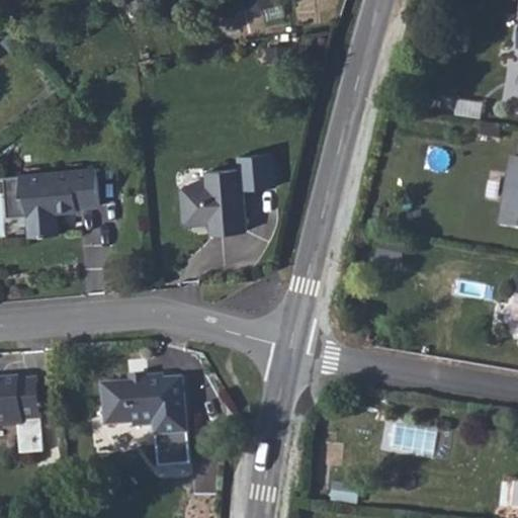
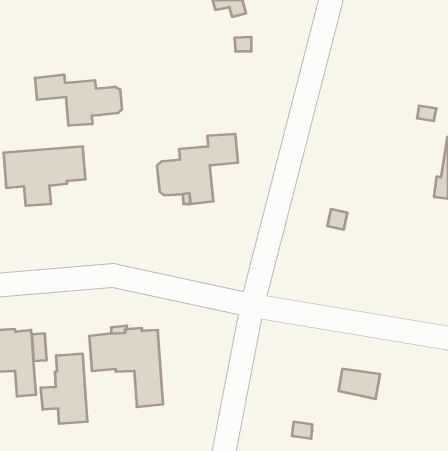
building: none -> [35,75,122,126]
building: none -> [41,354,87,424]

